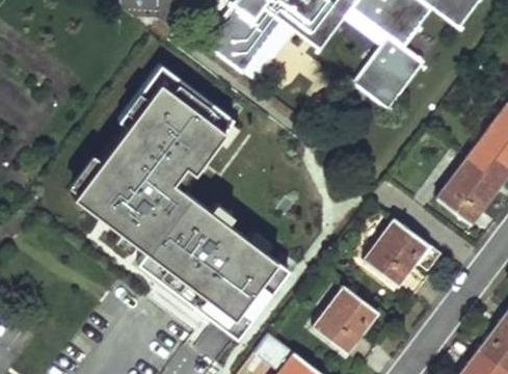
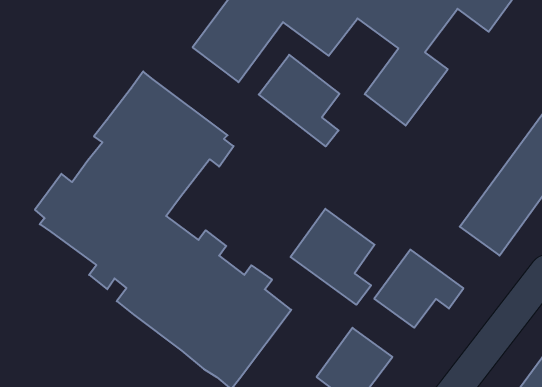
building: none -> [259,55,339,146]
building: none -> [291,209,375,305]

